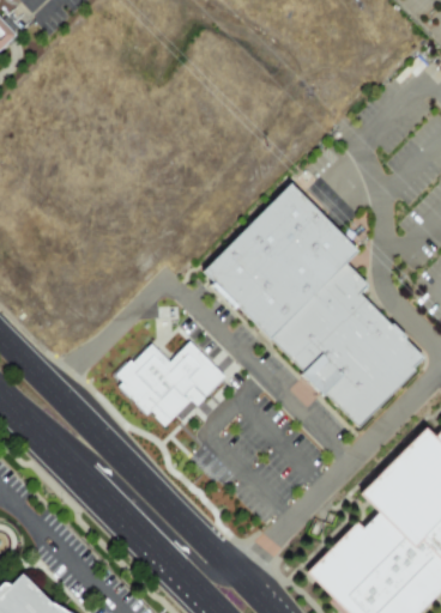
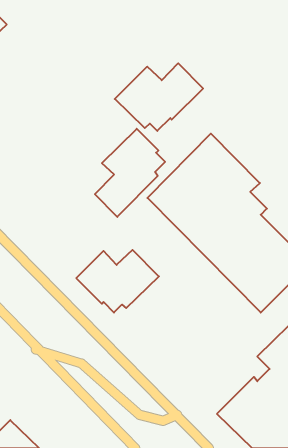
building: none -> [115,63,203,131]
building: none -> [95,129,165,217]

